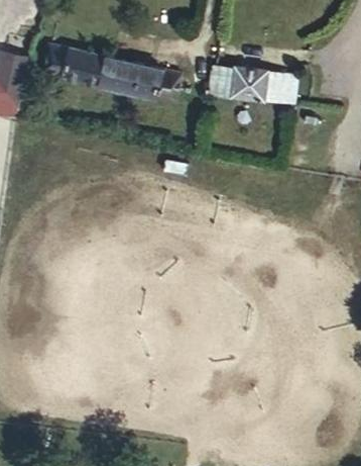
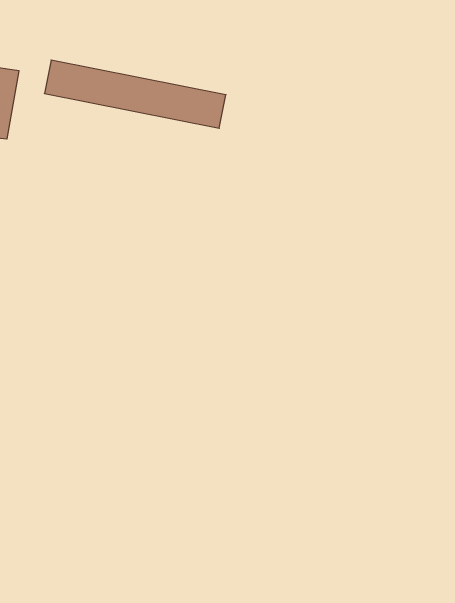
building: [210,64,296,100] -> none

